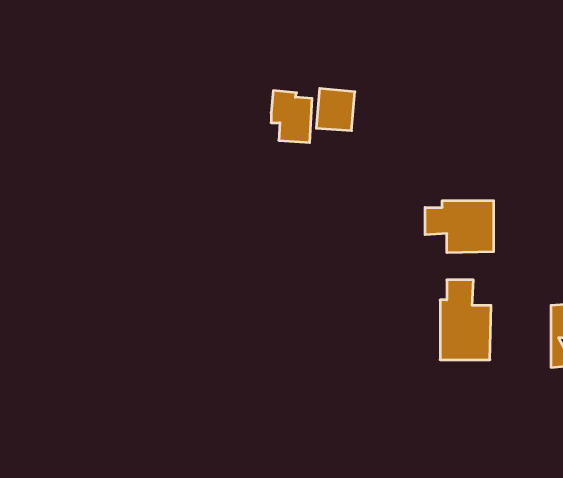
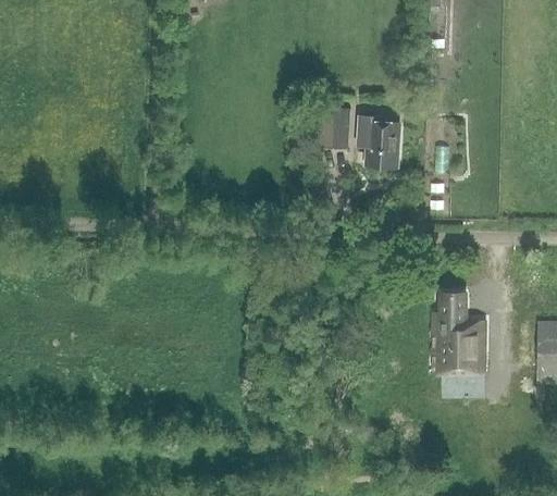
building: [271,91,312,143] -> [360,116,400,168]
building: [425,201,494,253] -> none

